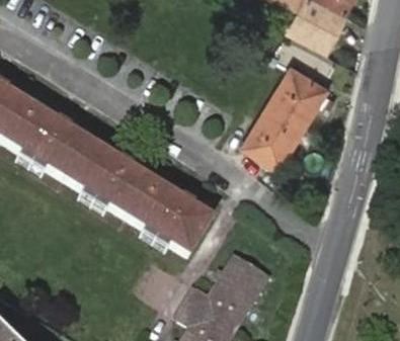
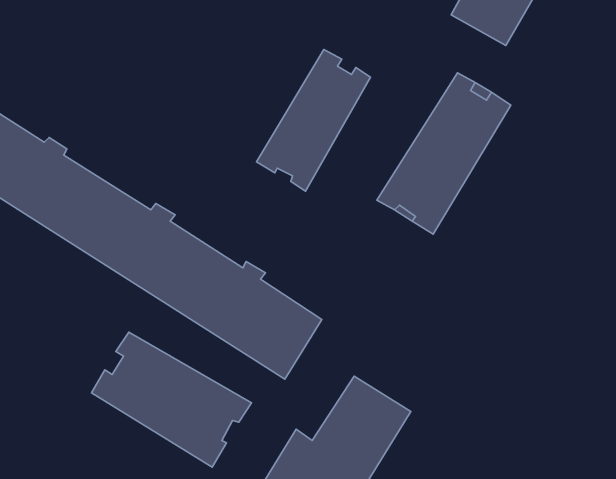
building: none -> [256,49,370,191]
building: none -> [92,332,252,467]

